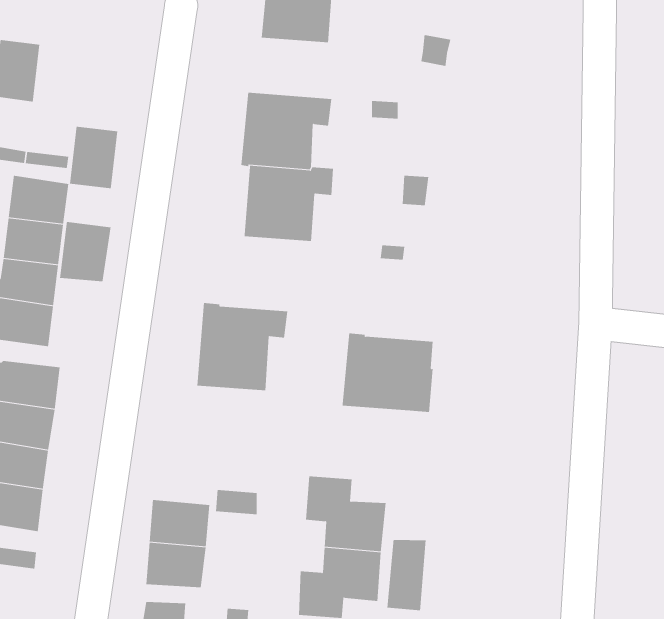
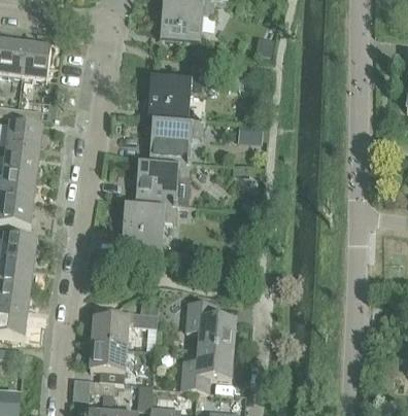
building: [69,126,118,189] -> [22,41,52,79]
building: [60,221,111,282] -> none
building: [342,333,433,413] -> [135,155,191,204]
building: [387,539,426,611] -> none

